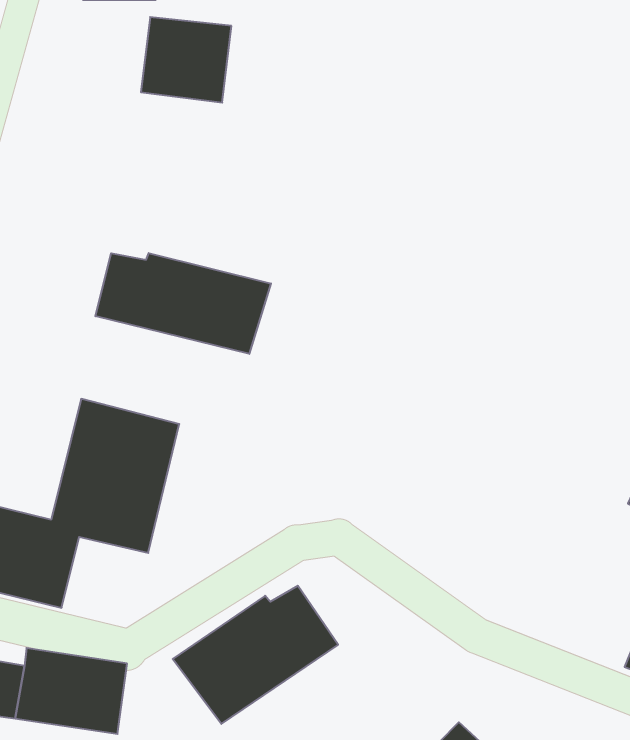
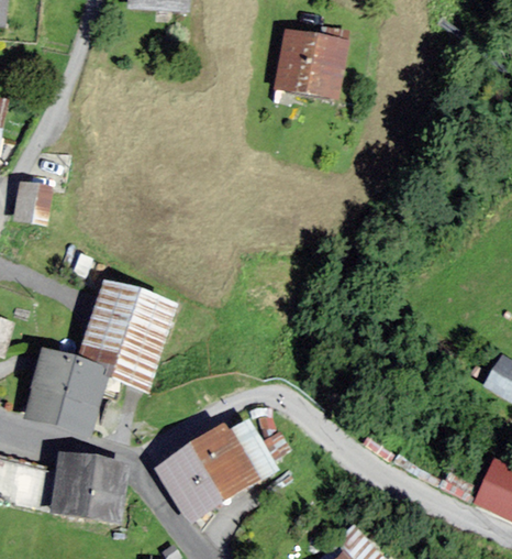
building: [141,17,231,103] -> [275,32,341,95]
building: [95,253,271,354] -> none

